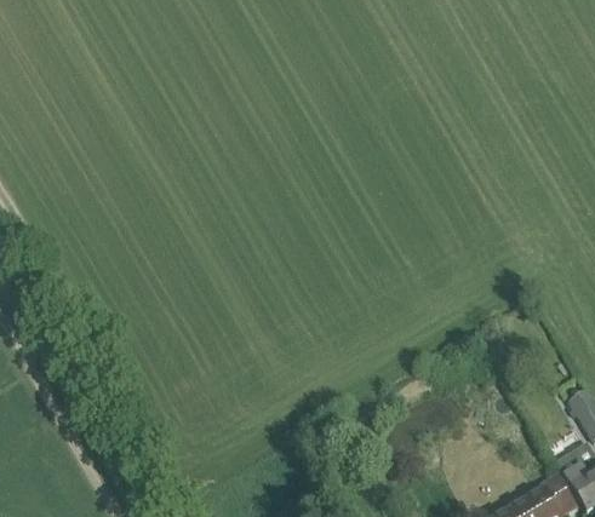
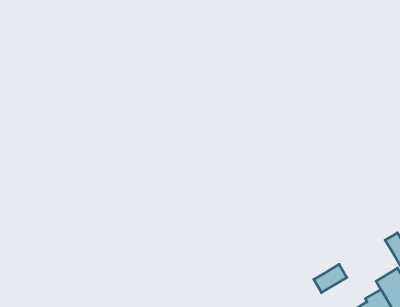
building: none -> [314,264,347,293]

